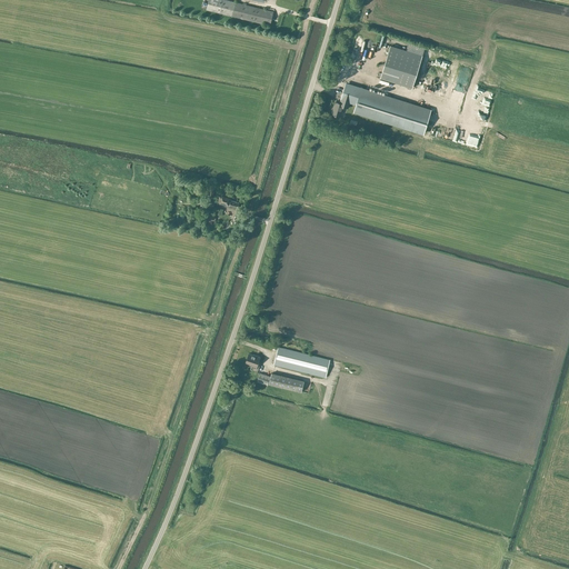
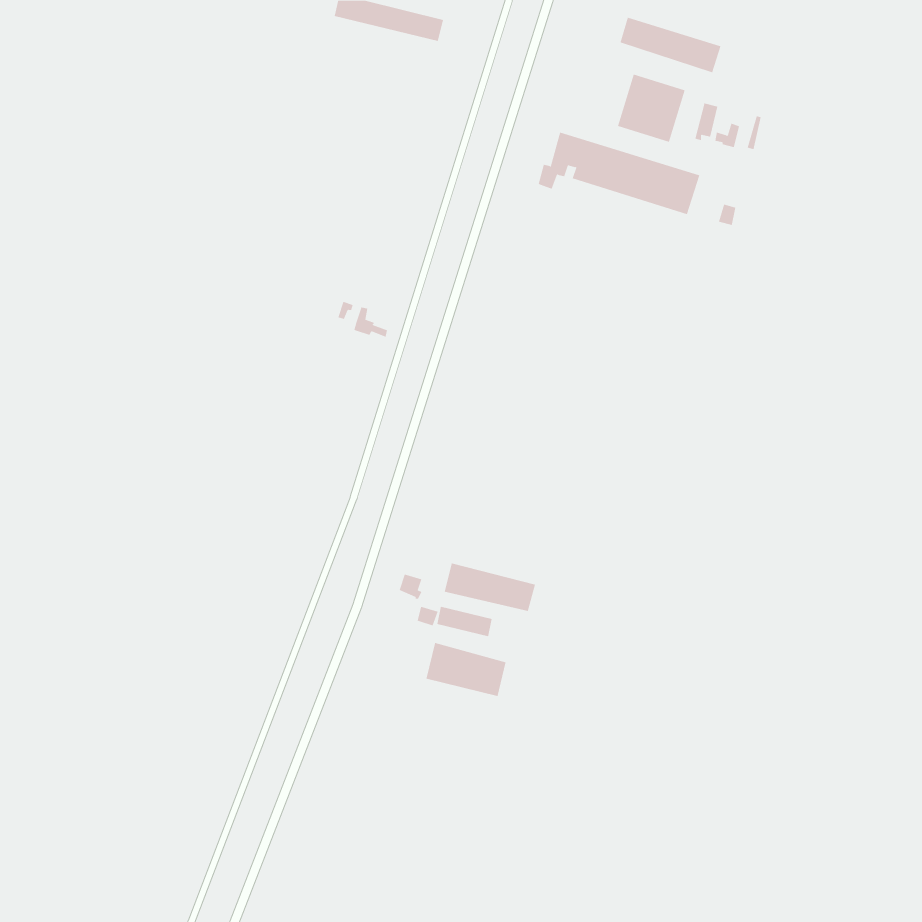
building: none -> [620,17,721,73]
building: none -> [426,642,506,697]

